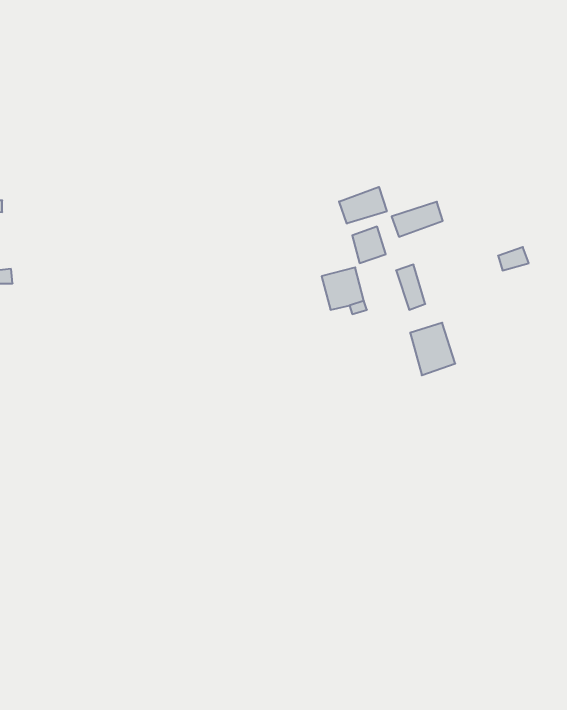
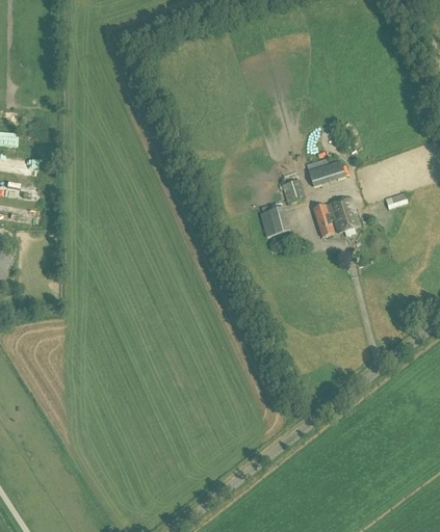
building: [339,187,387,224] -> none
building: [410,323,455,375] -> [328,195,360,233]

